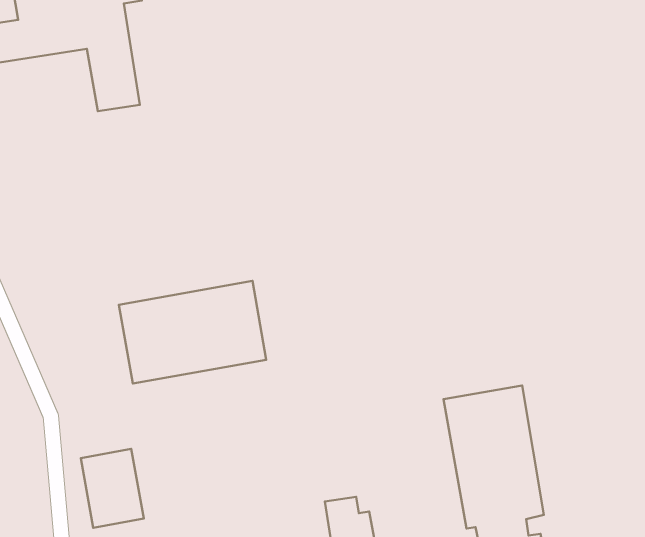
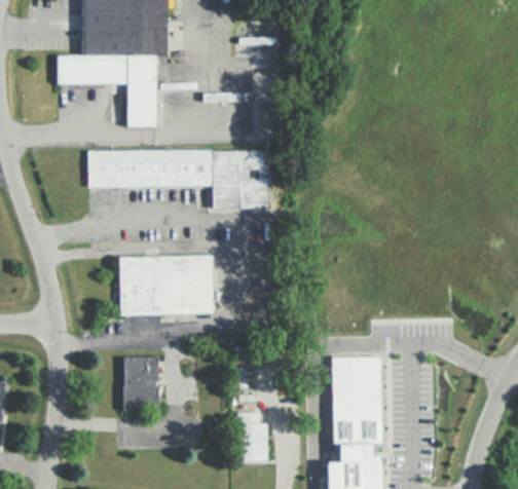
building: none -> [89,151,272,209]
building: [81,449,144,528] -> [124,358,160,407]

